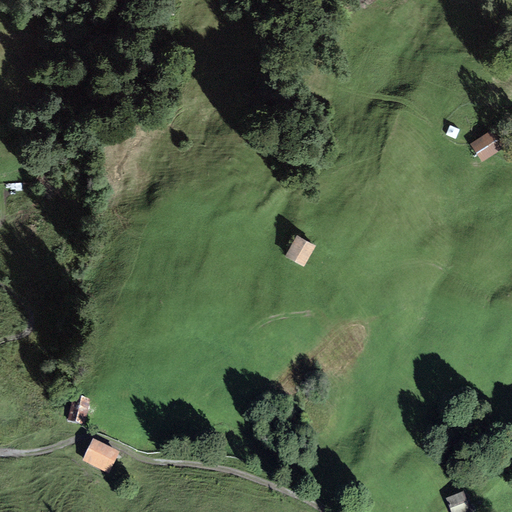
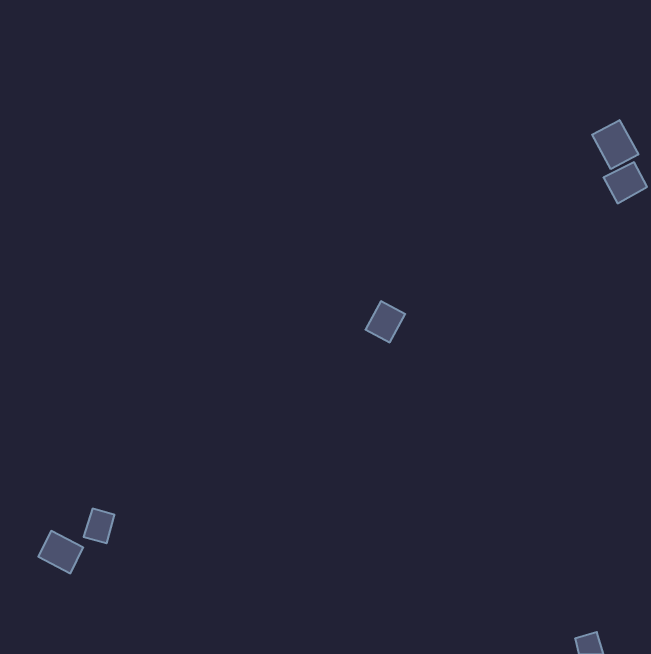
building: none -> [592,120,638,169]
building: [81,441,116,474] -> [38,531,83,573]

